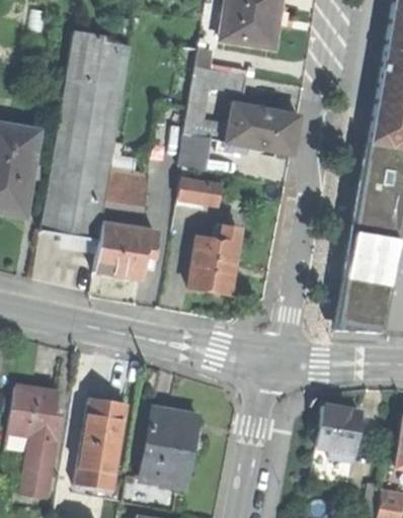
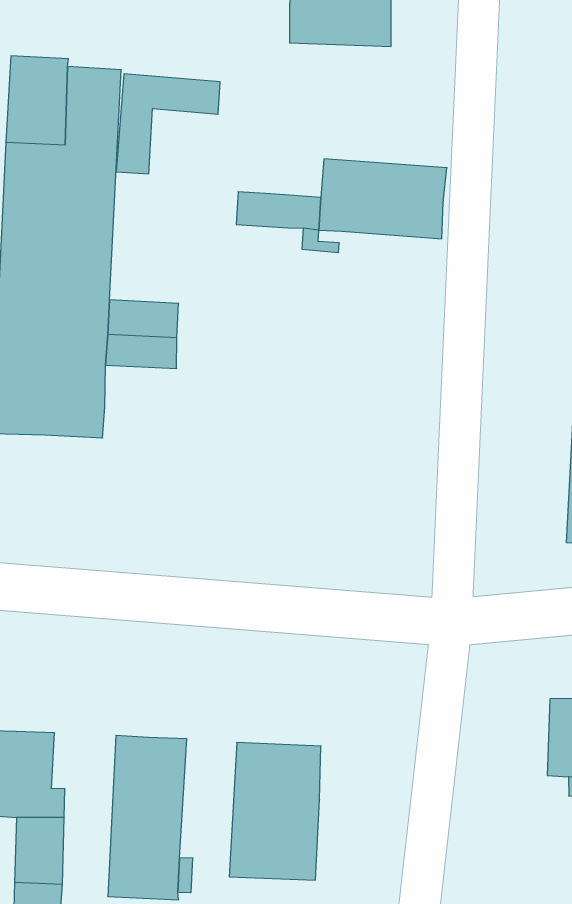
building: [187,65,248,119] -> [116,74,220,174]
building: [178,134,212,169] -> none
building: [178,178,223,205] -> none
building: [95,223,158,277] -> none
building: [189,225,238,293] -> none

